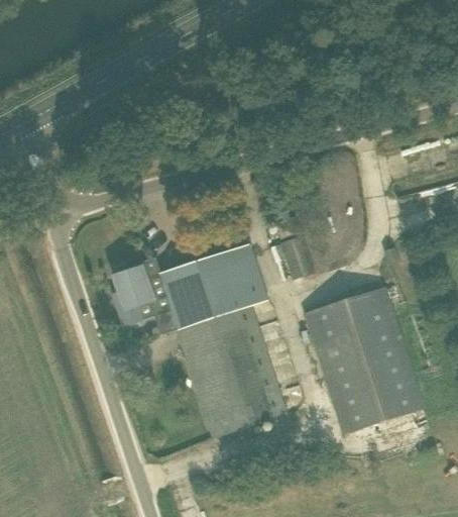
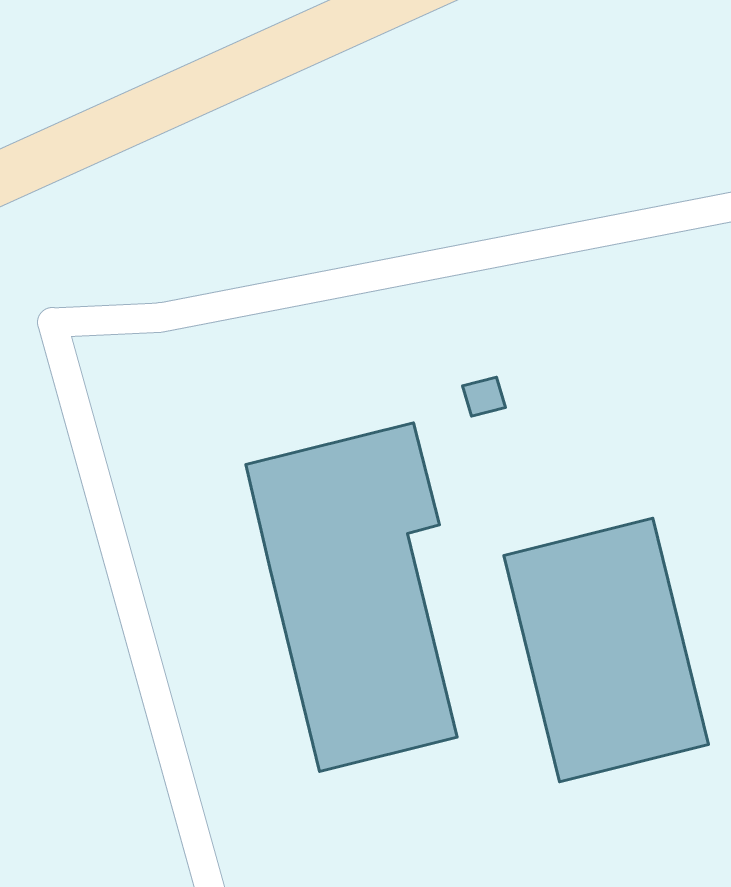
building: [281,235,316,280] -> none
building: [113,255,178,333] -> none

